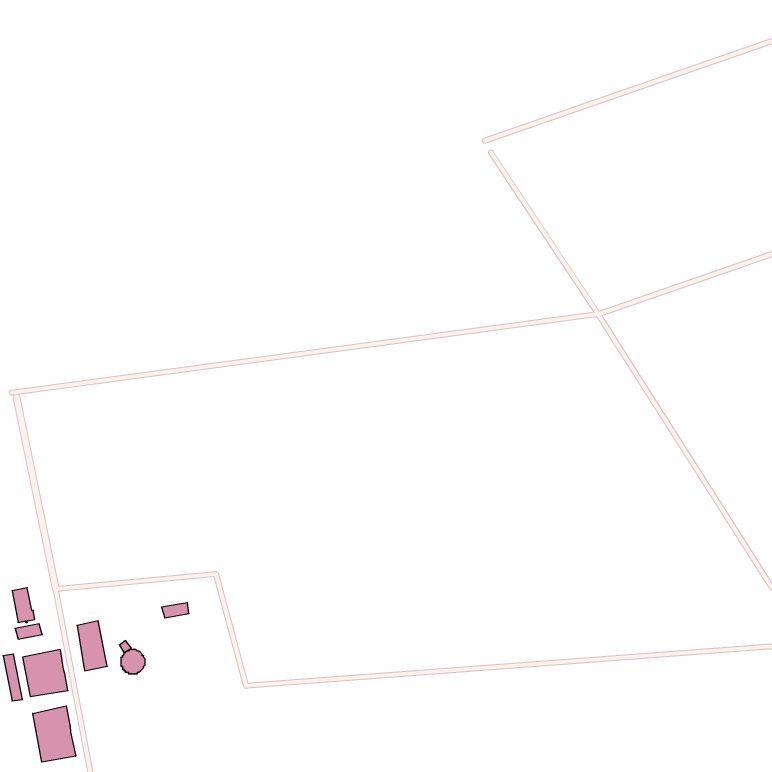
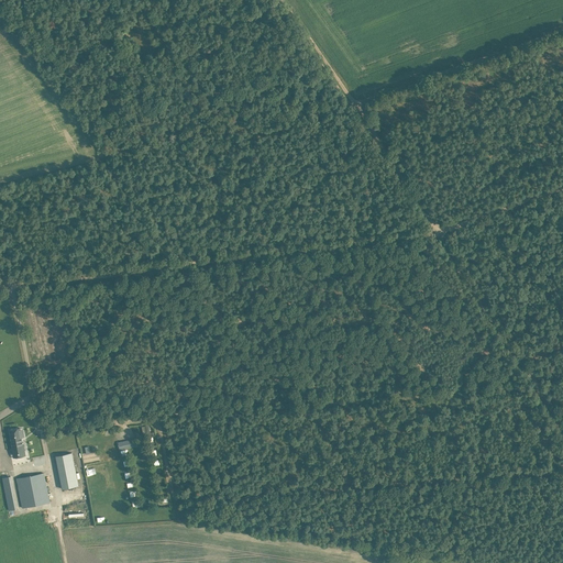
building: [33,706,76,762] -> none

